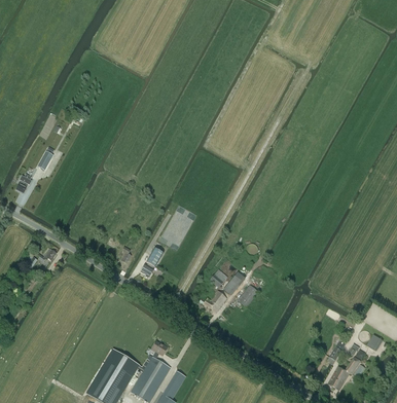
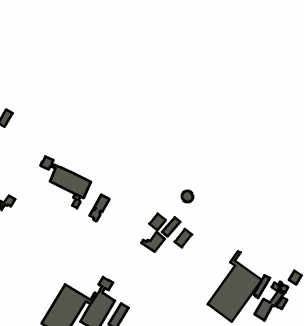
building: none -> [41,156,91,198]
building: none -> [208,251,262,322]

